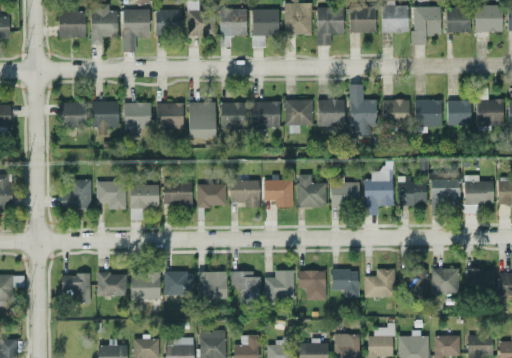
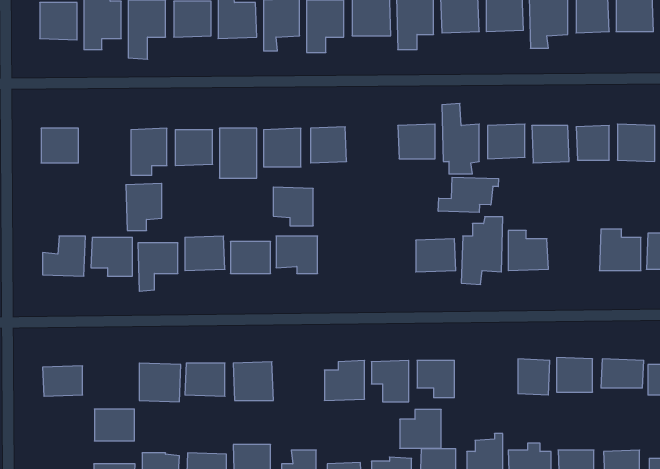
building: [285,100,312,133] -> none
building: [92,101,118,135] -> [126,183,162,230]
building: none -> [438,177,499,212]
building: [296,174,326,207] -> none
building: [263,179,292,207] -> [273,187,313,226]
building: [430,179,459,205] -> none
building: [364,269,394,297] -> [400,410,441,448]
building: [230,272,259,302] -> none
building: [97,273,126,296] -> [94,409,134,441]

